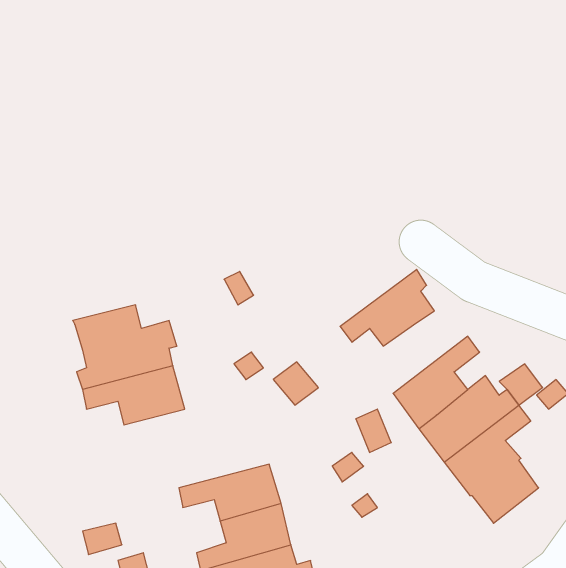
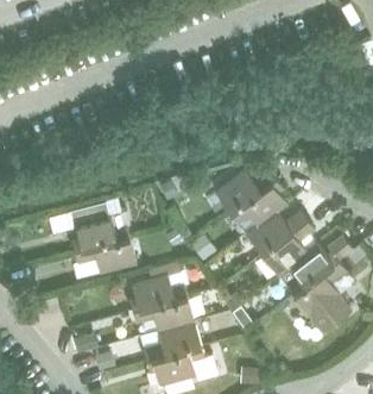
building: none -> [215,170,277,214]
building: none -> [246,212,308,255]
building: none -> [129,275,188,312]

